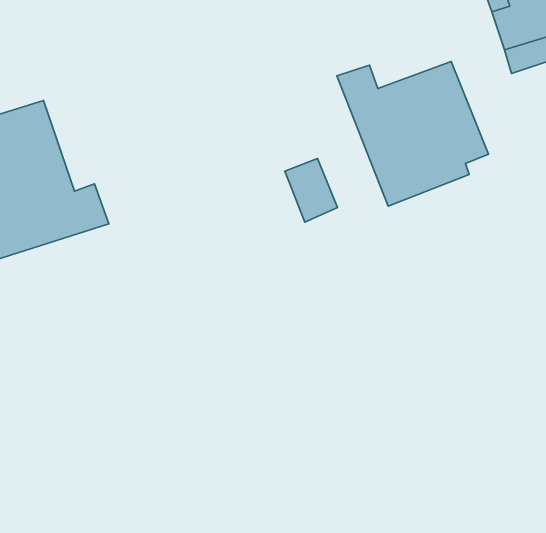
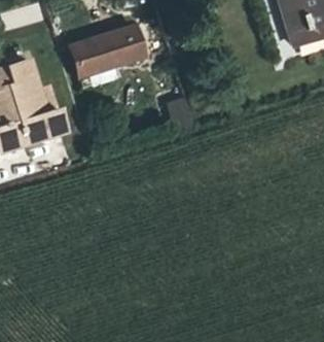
building: none -> [77,24,150,75]
building: [337,62,488,206] -> none

